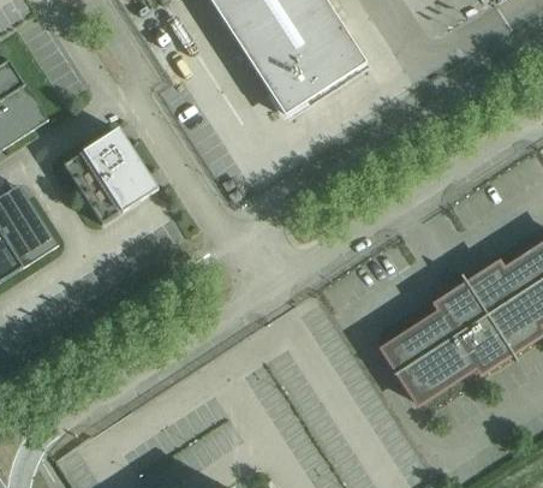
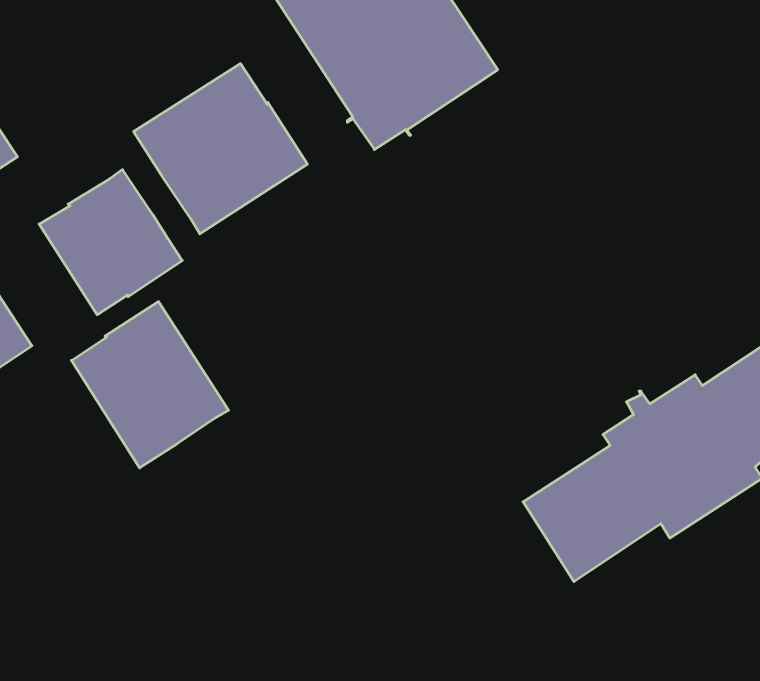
building: none -> [134,64,307,234]
building: none -> [71,302,229,468]

